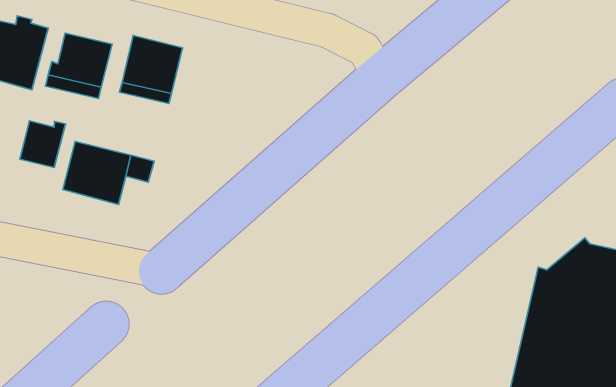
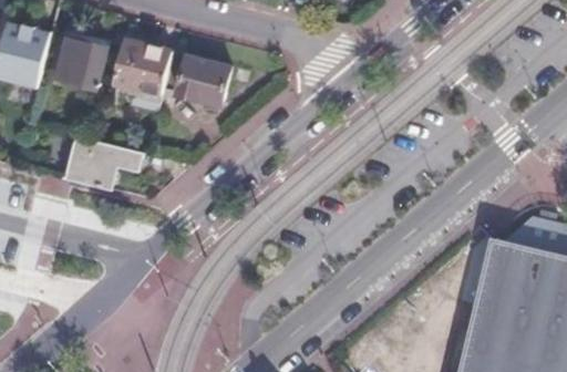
building: none -> [177,54,231,104]
building: [20,121,66,167] -> none

